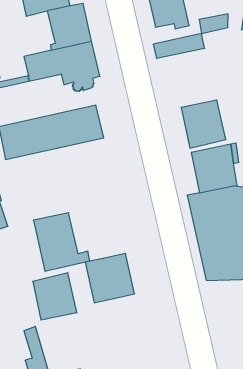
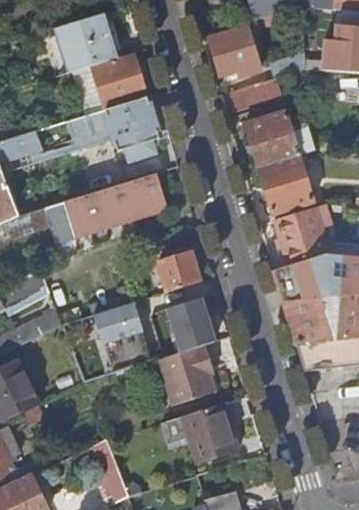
building: none -> [244,111,313,167]
building: none -> [158,252,199,292]
building: none -> [166,298,216,352]
building: [33,273,77,320] -> [182,402,237,460]

